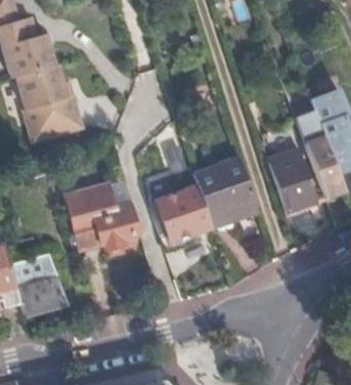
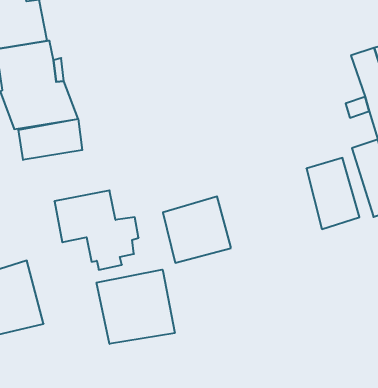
building: none -> [18,119,82,160]
building: [196,164,257,229] -> none
building: none -> [97,270,175,344]

